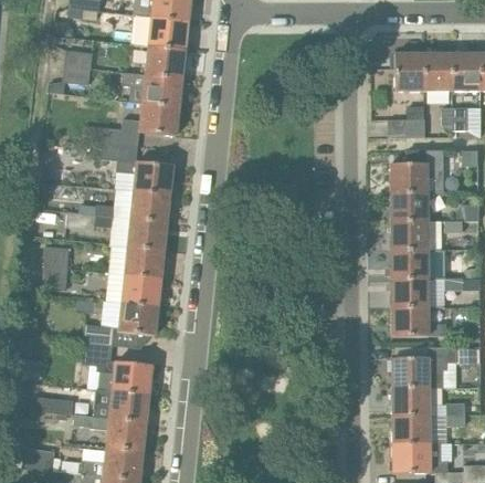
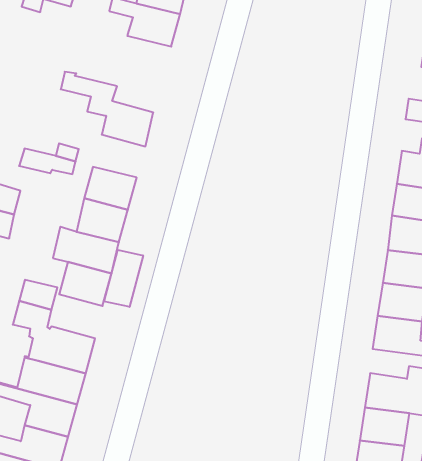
building: [101,103,179,147] -> none
building: [128,190,170,222] -> none
building: none -> [104,250,143,307]

